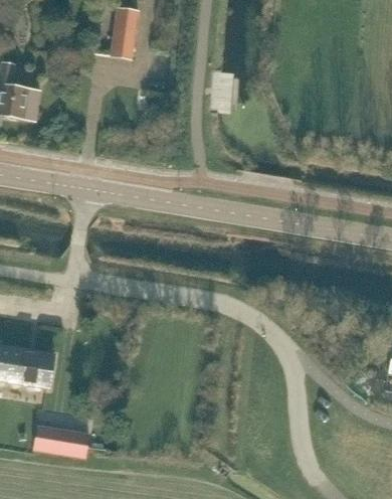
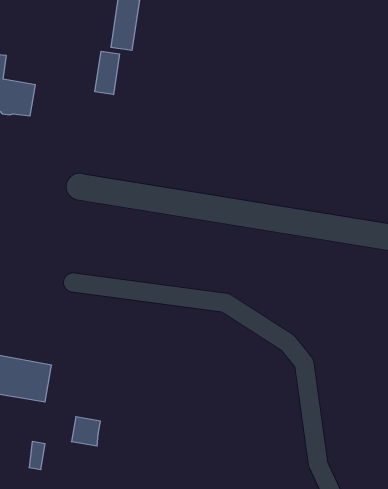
building: none -> [95,51,119,95]
building: [60,430,87,457] -> [71,417,100,446]

